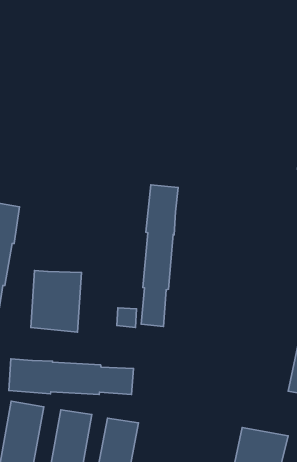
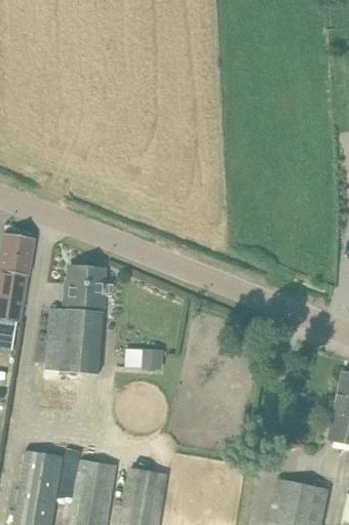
building: [141,185,178,327] -> none
building: none -> [65,265,106,310]
building: [9,359,133,395] -> none

